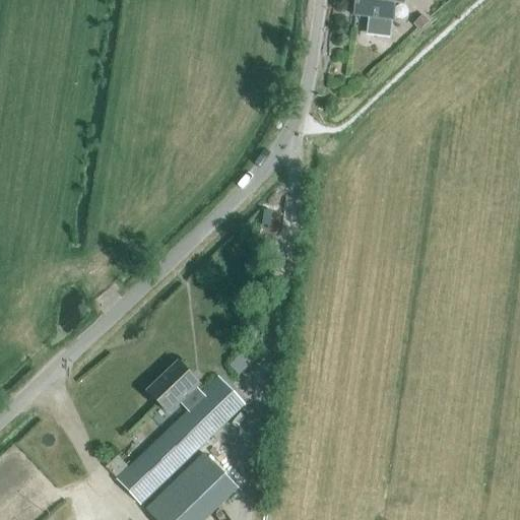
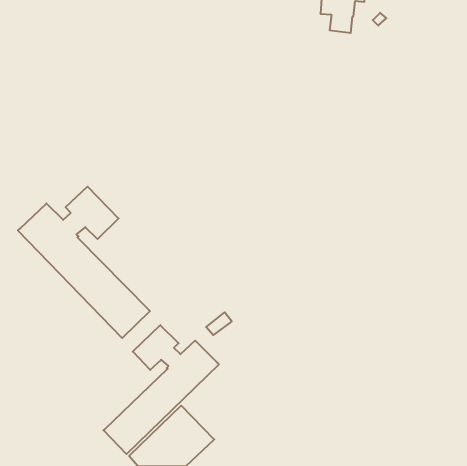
building: none -> [18,187,150,338]

